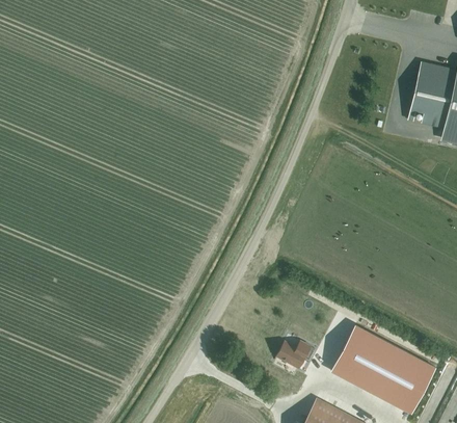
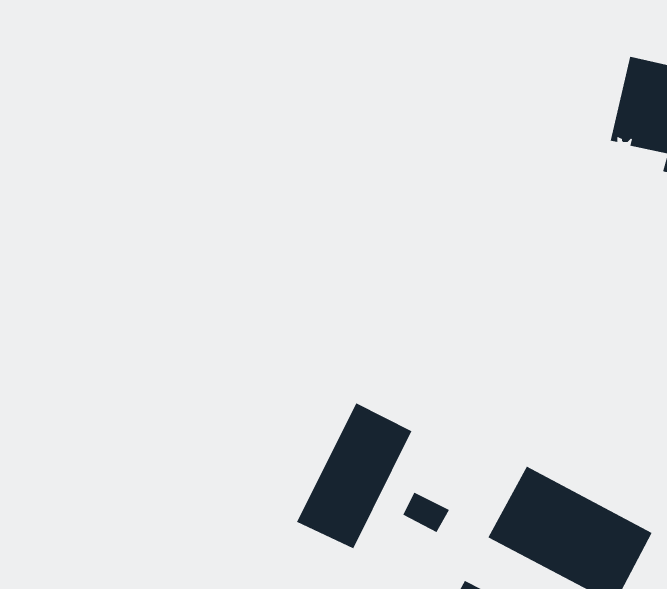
building: none -> [296,403,412,549]

